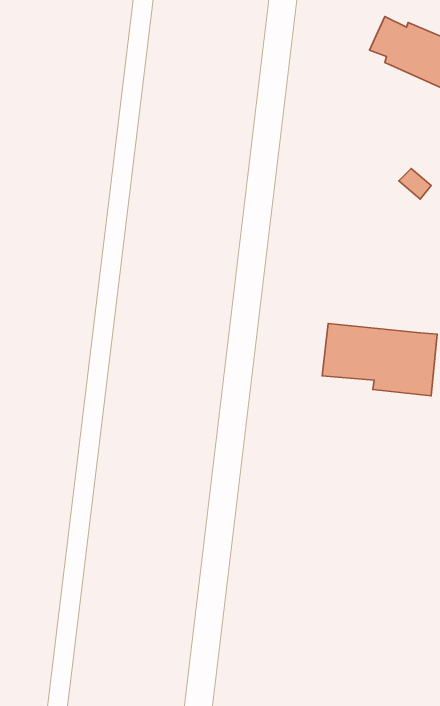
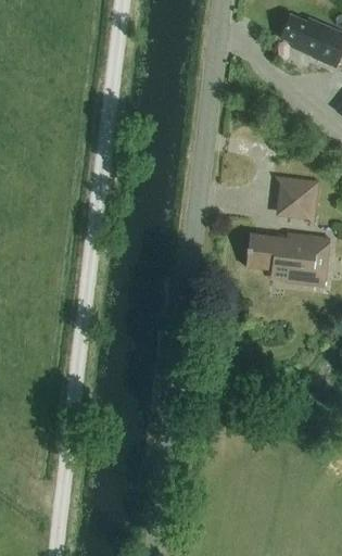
building: none -> [276,176,319,226]

